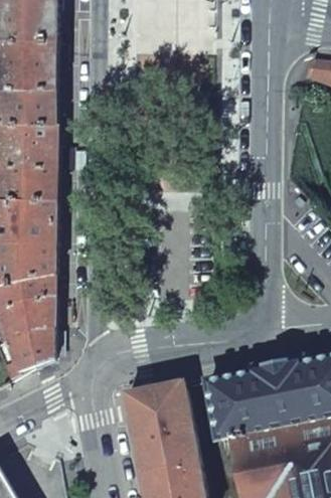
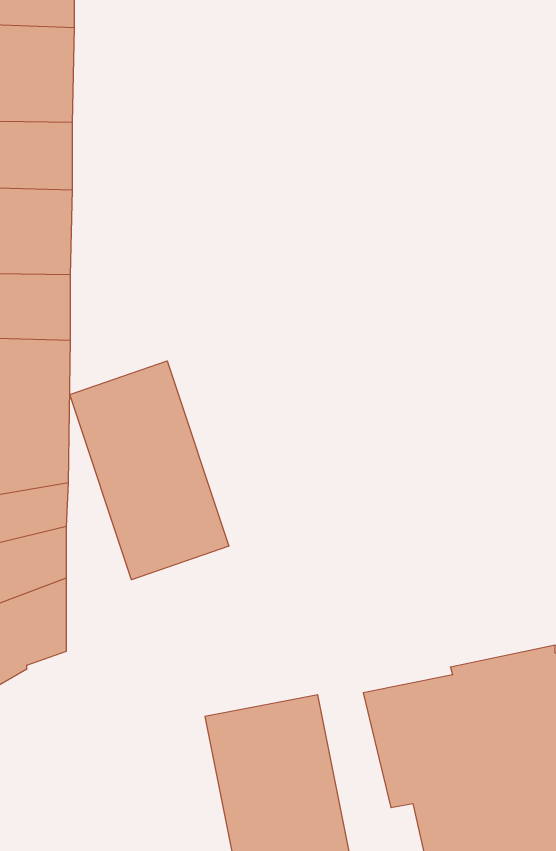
building: none -> [70,361,229,580]

